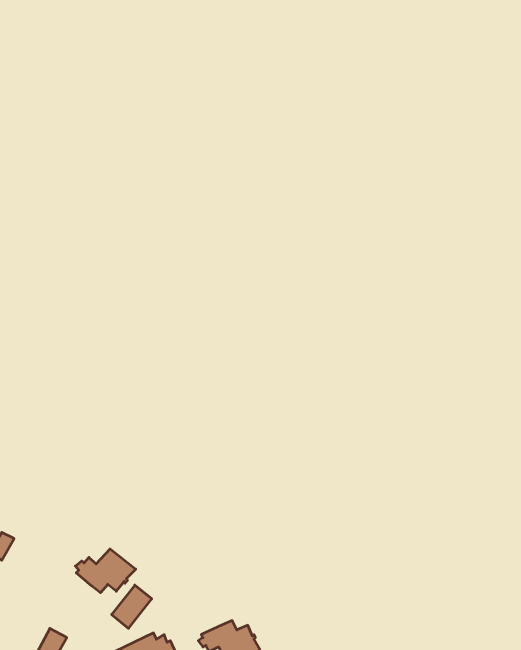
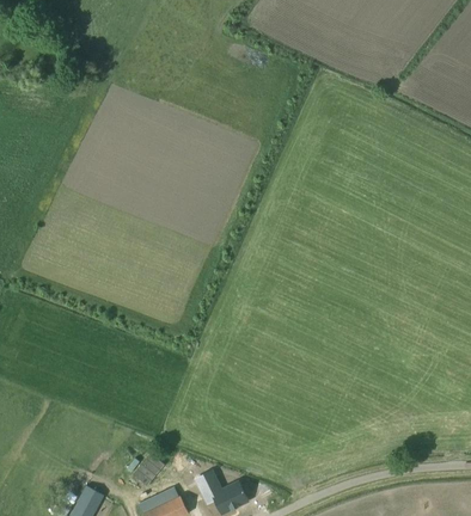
building: [75,549,136,593] -> none

